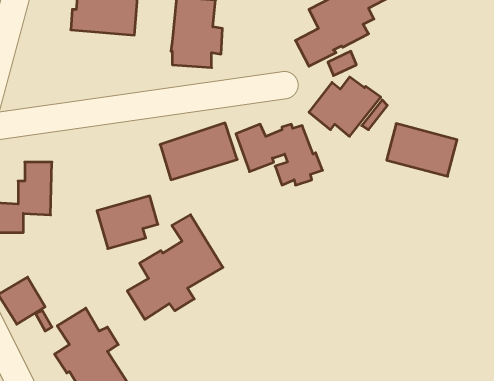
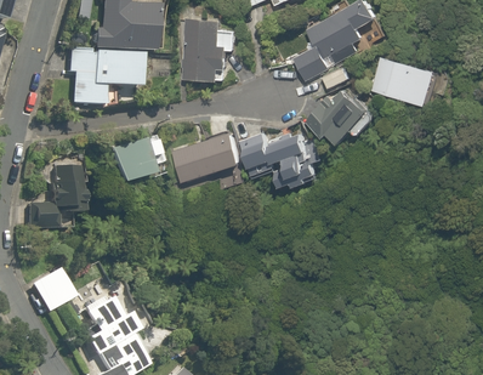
building: none -> [70,46,143,103]
building: [387,124,457,176] -> [376,56,439,103]
building: [97,196,158,249] -> [112,135,166,182]
building: [127,215,223,319] -> none

